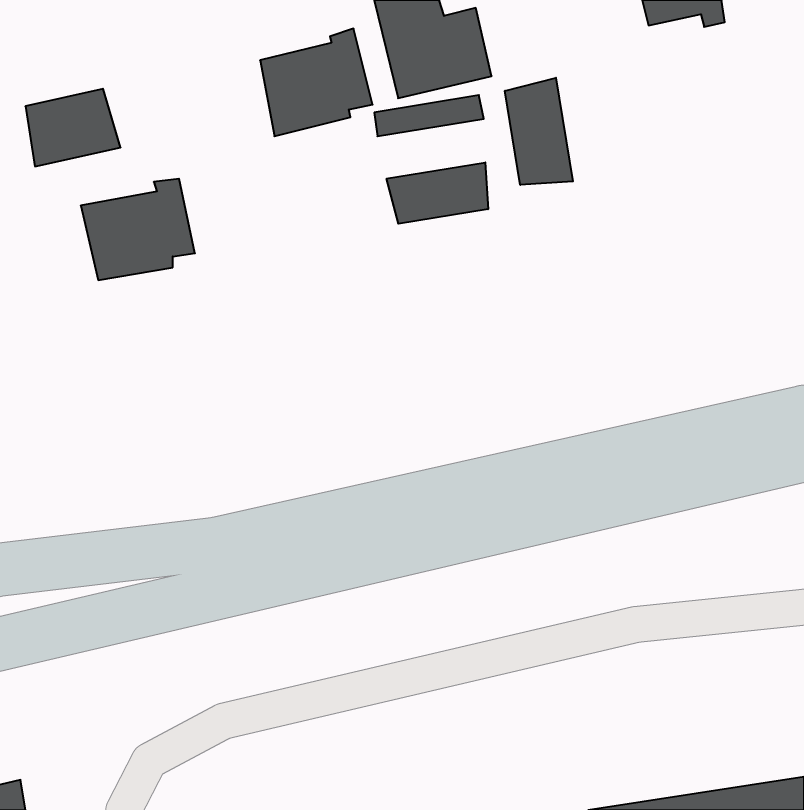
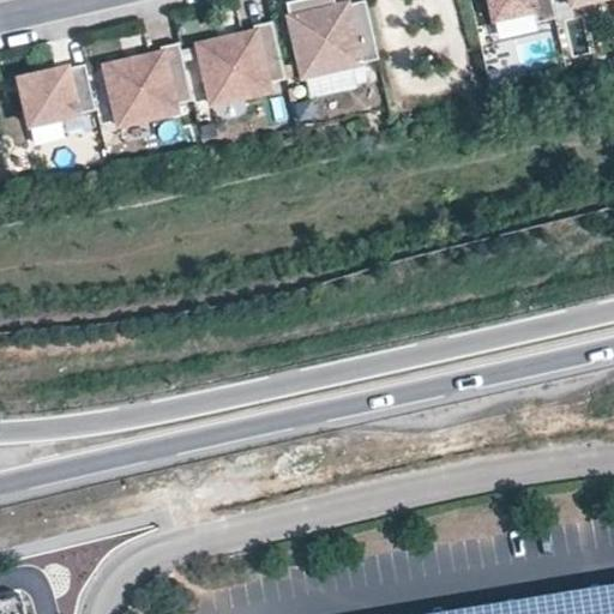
building: [505,78,573,185] -> none
building: [387,162,488,224] -> none
building: [81,179,195,280] -> [102,46,188,122]

